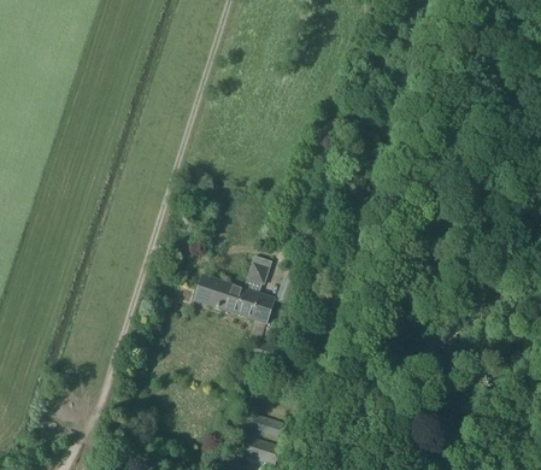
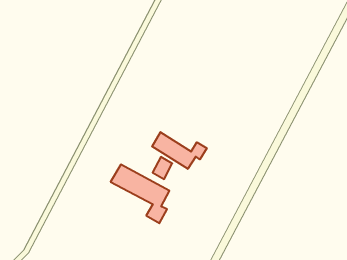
building: none -> [152,132,207,169]

